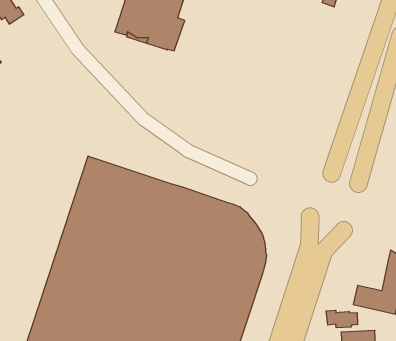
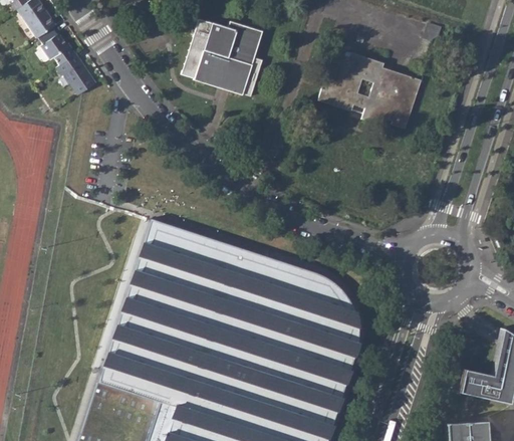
building: none -> [320,52,423,130]
building: none -> [58,54,97,95]
building: [326,310,358,328] -> none

